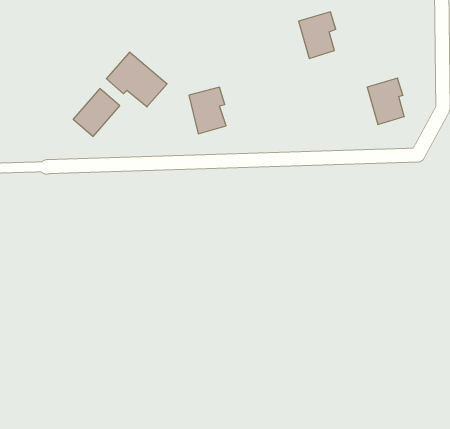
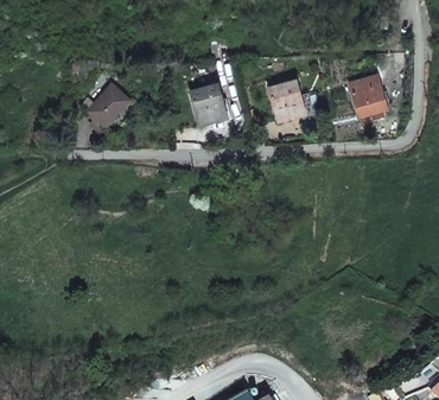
building: [299,12,336,58] -> [268,78,301,120]
building: [106,52,167,107] -> none

